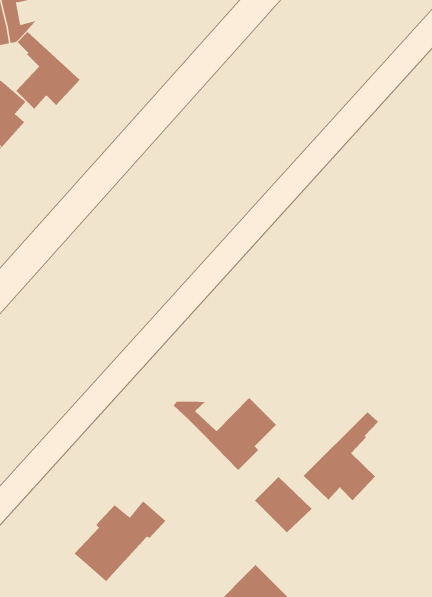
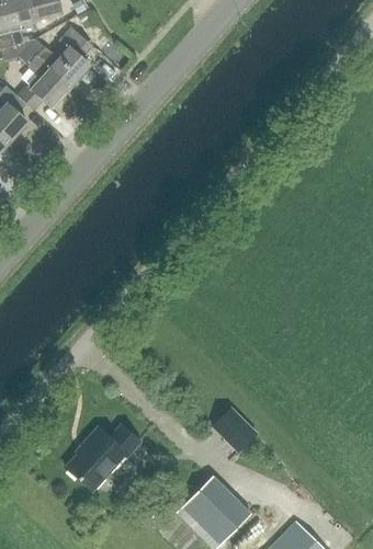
building: none -> [27,26,91,85]
building: [173,397,277,471] -> none
building: [303,411,379,501] -> none

